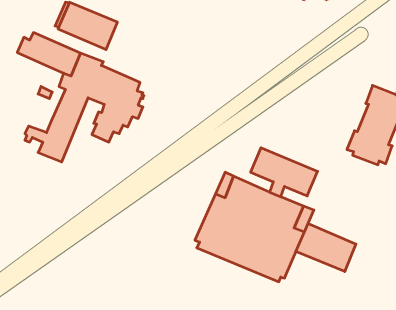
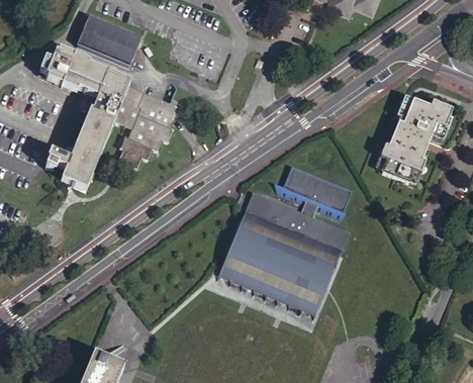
building: [296,223,356,272] -> none

